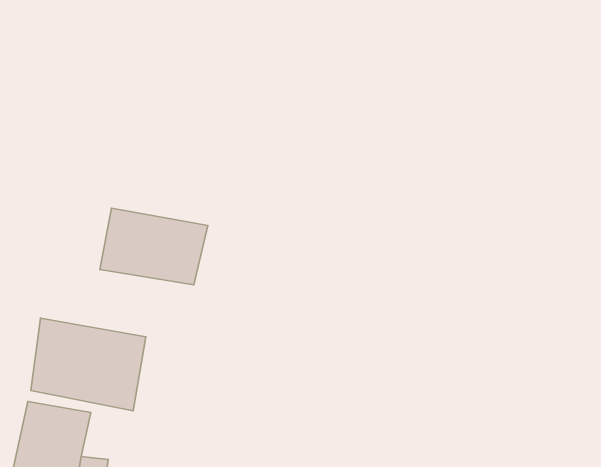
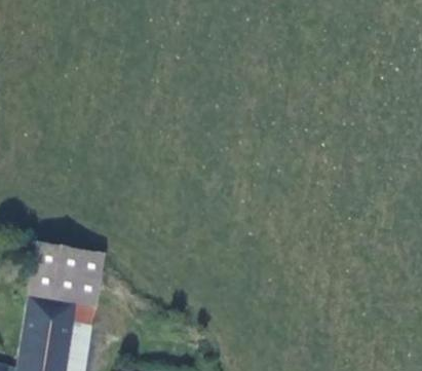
building: [100,208,208,285] -> none

